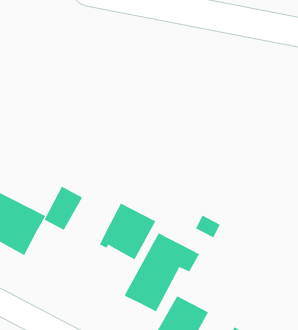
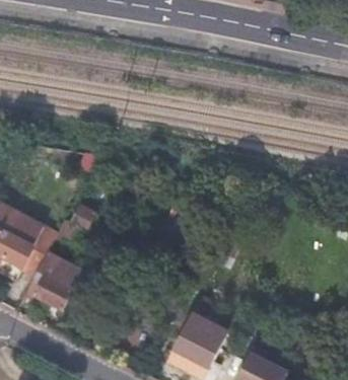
building: [99,203,156,260] -> [23,250,83,310]
building: [124,232,200,312] -> none

